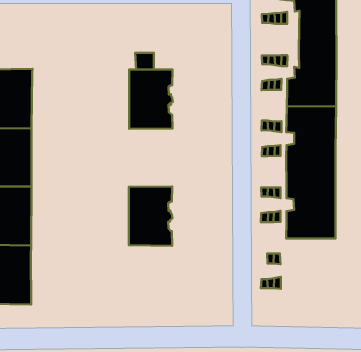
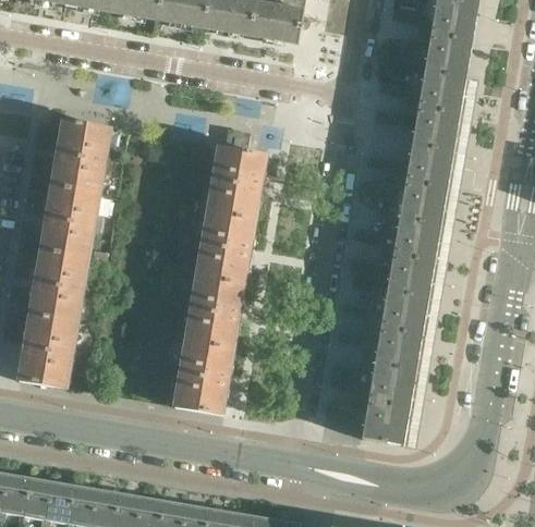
building: none -> [195,215,254,286]
building: none -> [350,365,414,448]
building: none -> [172,343,232,417]

